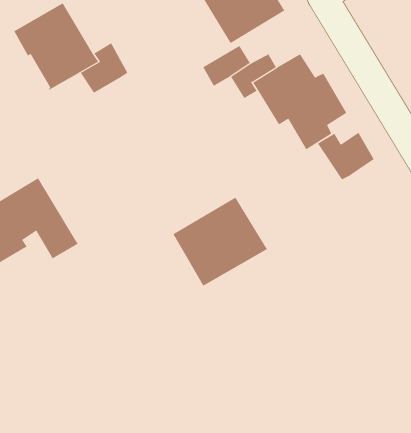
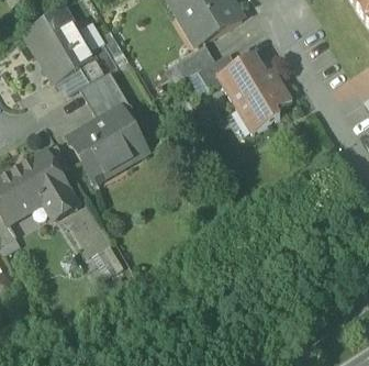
building: none -> [80,70,124,111]
building: [317,132,375,180] -> none
building: [173,197,268,286] -> [70,108,146,179]

